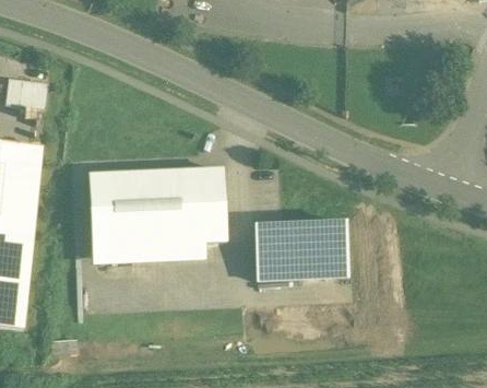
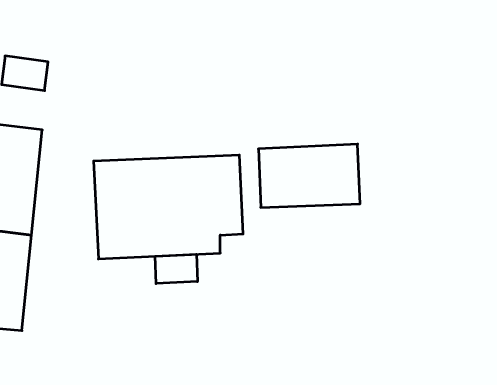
building: [254,220,347,278] -> [258,144,360,207]
building: none -> [155,254,197,284]

